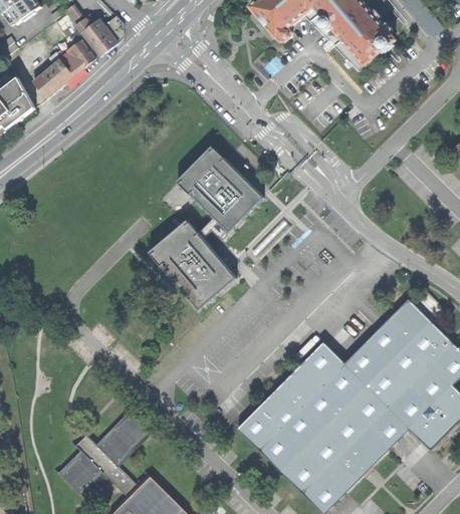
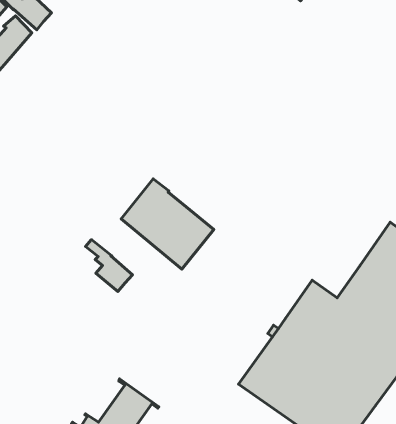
building: [177,145,264,231] -> none
building: none -> [86,240,133,291]

